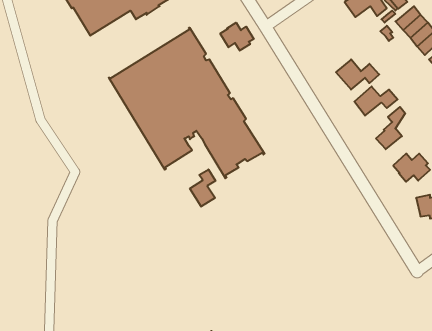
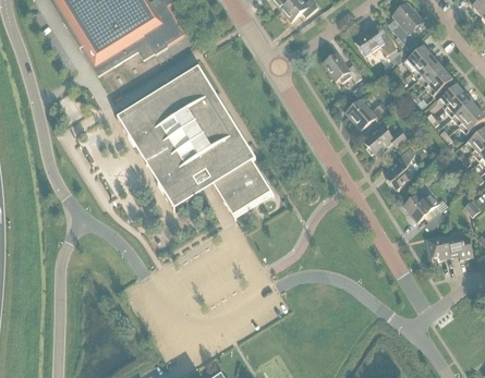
building: none -> [324,52,362,82]
building: [220,23,254,51] -> none
building: [190,169,215,207] -> none

